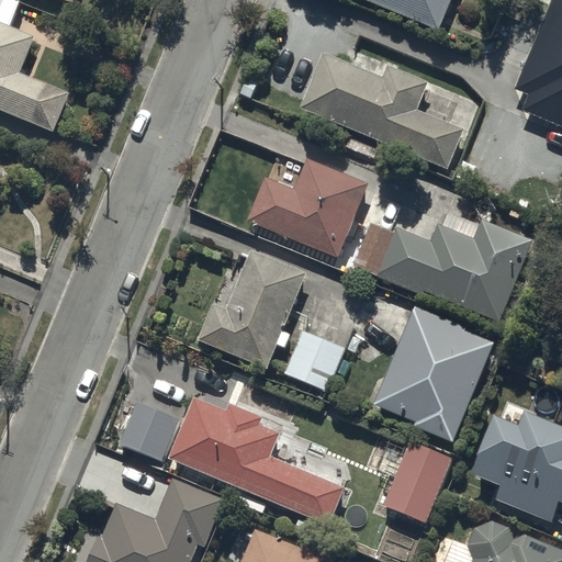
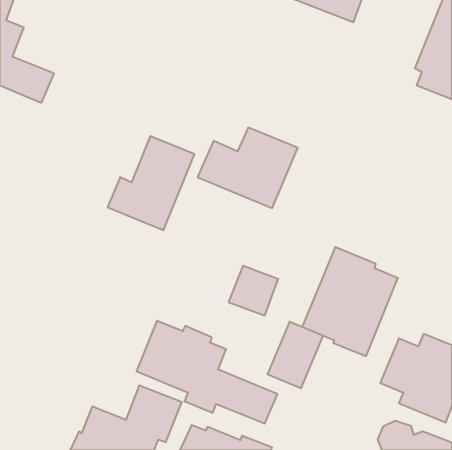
building: [296,47,463,166] -> none
building: [353,212,533,323] -> none
building: [198,251,305,368] -> [108,136,194,230]
building: [119,404,178,462] -> none
building: [382,441,451,524] -> [267,322,323,388]

